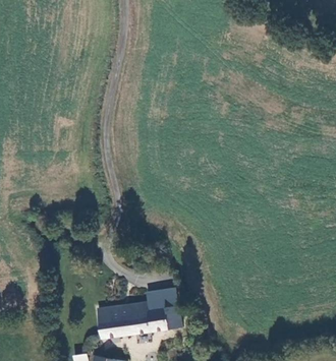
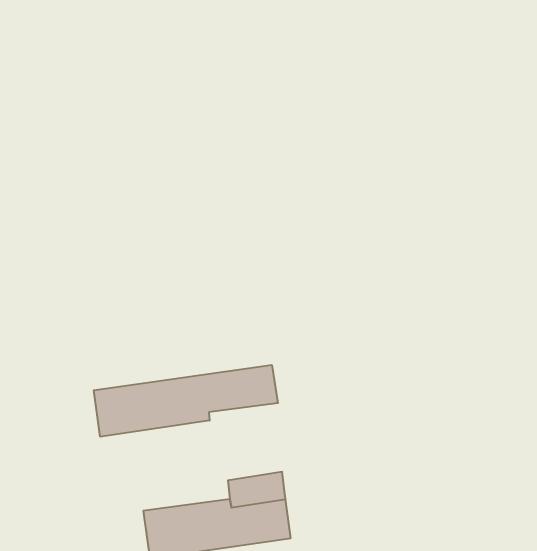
building: none -> [94,365,278,437]

